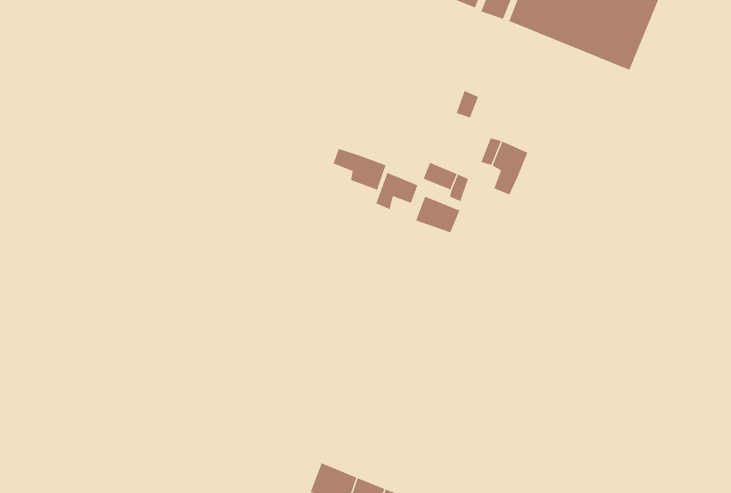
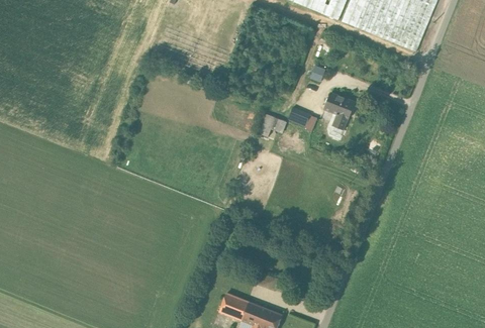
building: [333,148,386,191] -> none
building: [416,196,460,233] -> none

